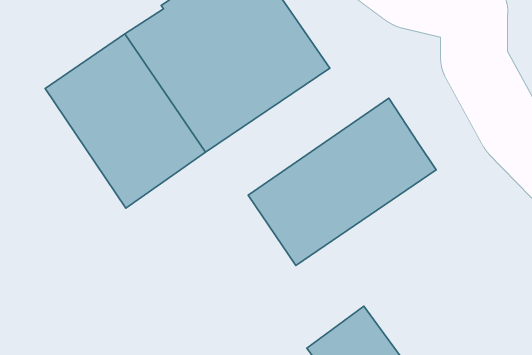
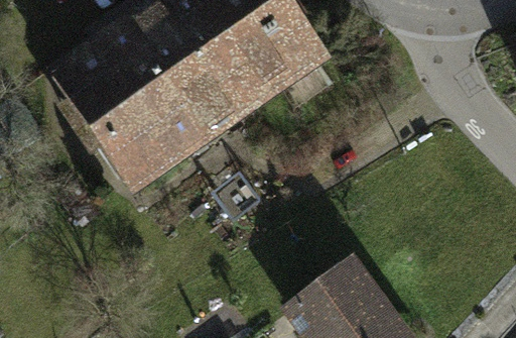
building: [248,98,436,265] -> none

